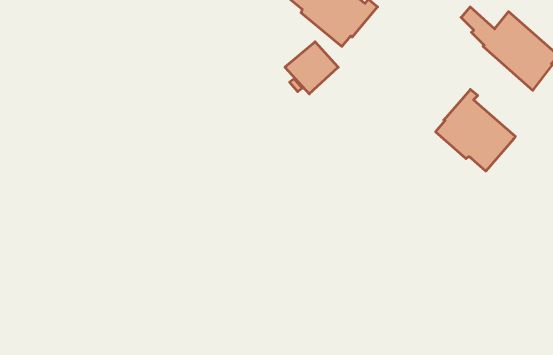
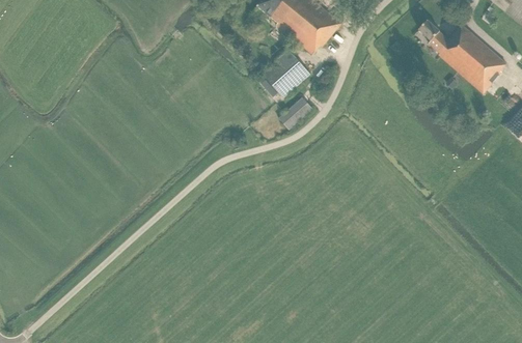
building: [436,89,515,171] -> none
building: none -> [279,96,311,127]

